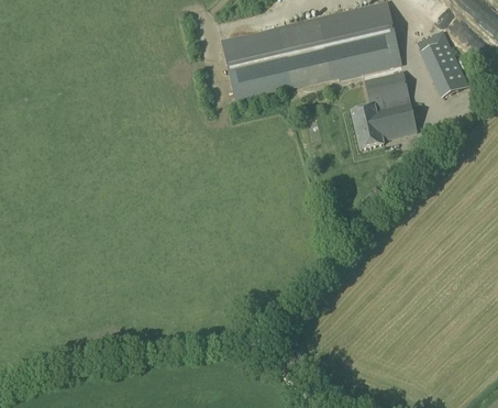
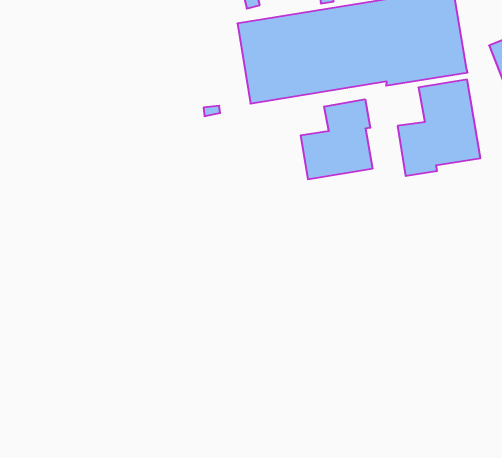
building: none -> [301,99,372,179]

